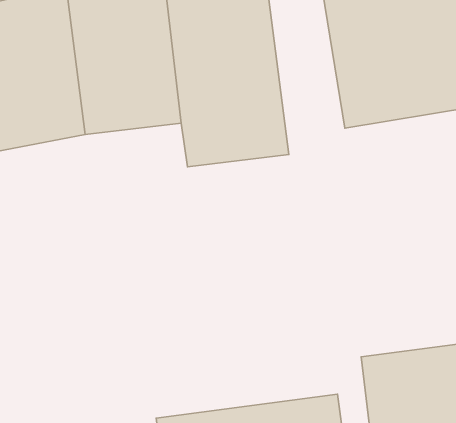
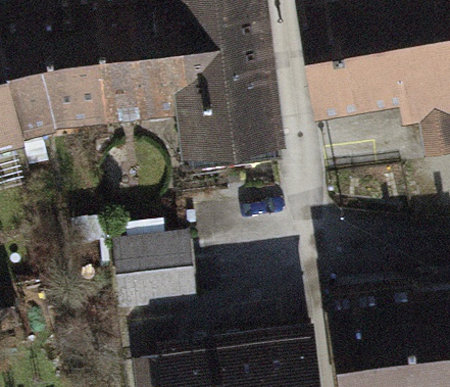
building: none -> [128,244,203,319]

